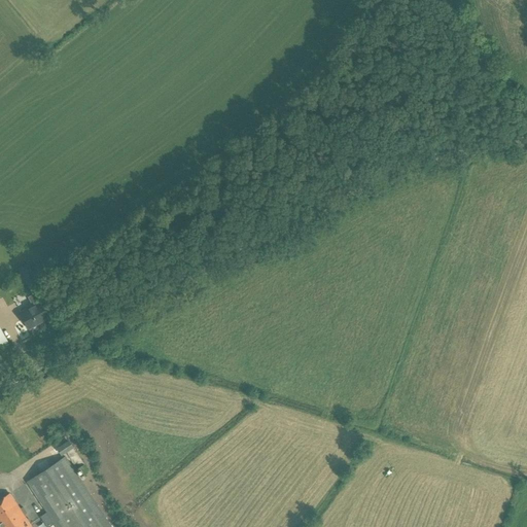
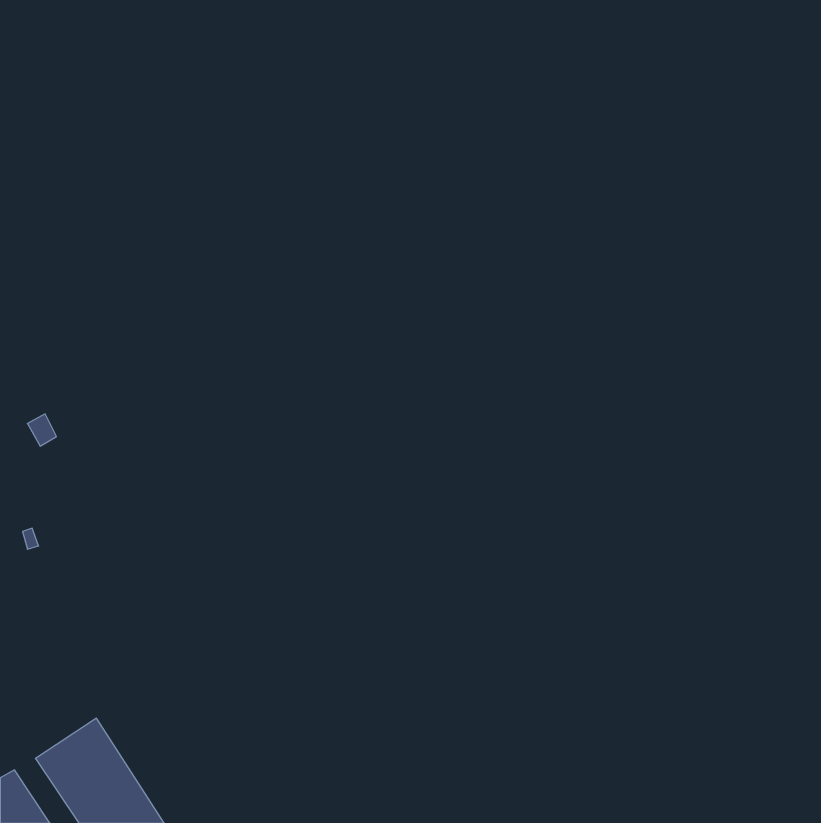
building: [21,292,49,328] -> none

